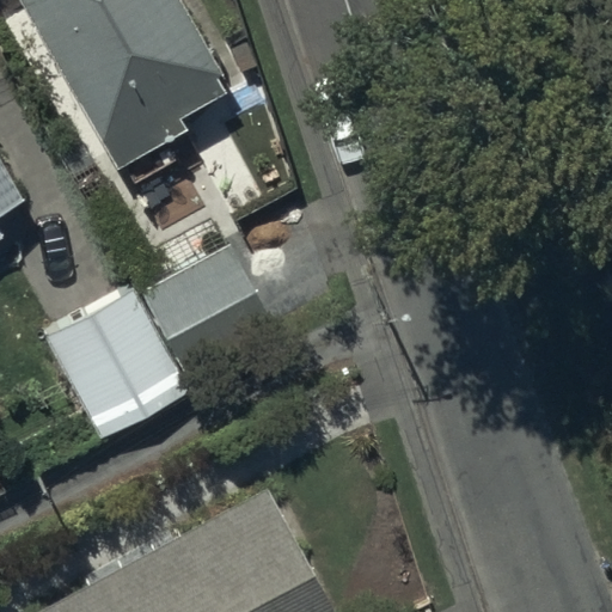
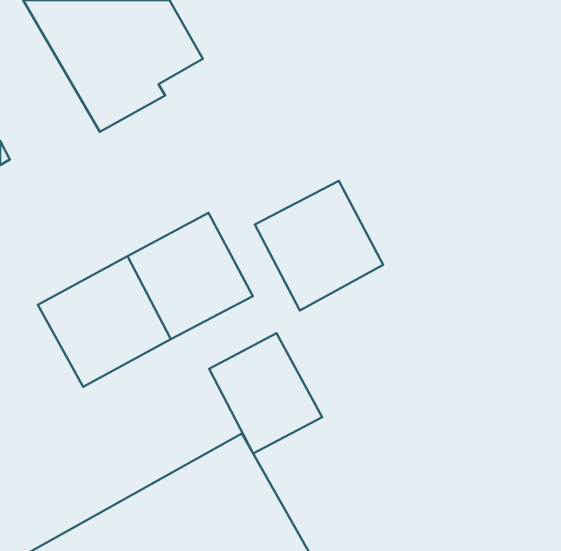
building: none -> [255,181,383,310]
building: none -> [209,333,322,454]

